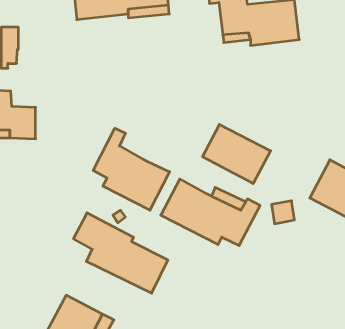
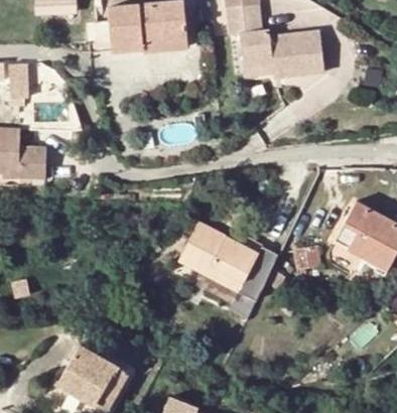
building: [203,124,271,184] -> none
building: [93,128,170,210] -> none
building: [74,213,168,293] -> none

